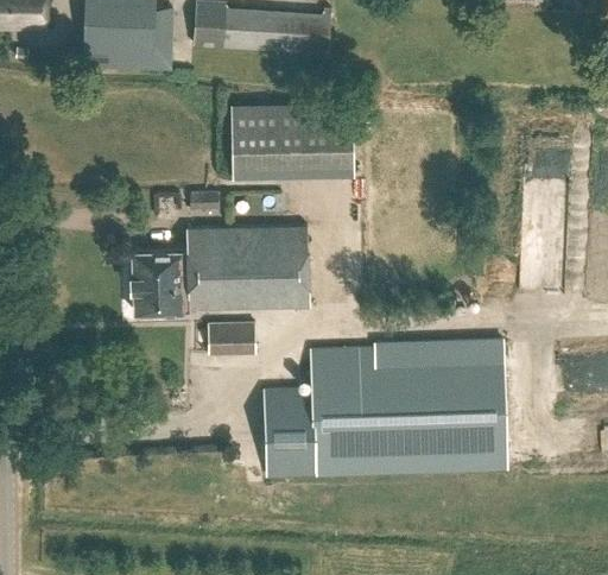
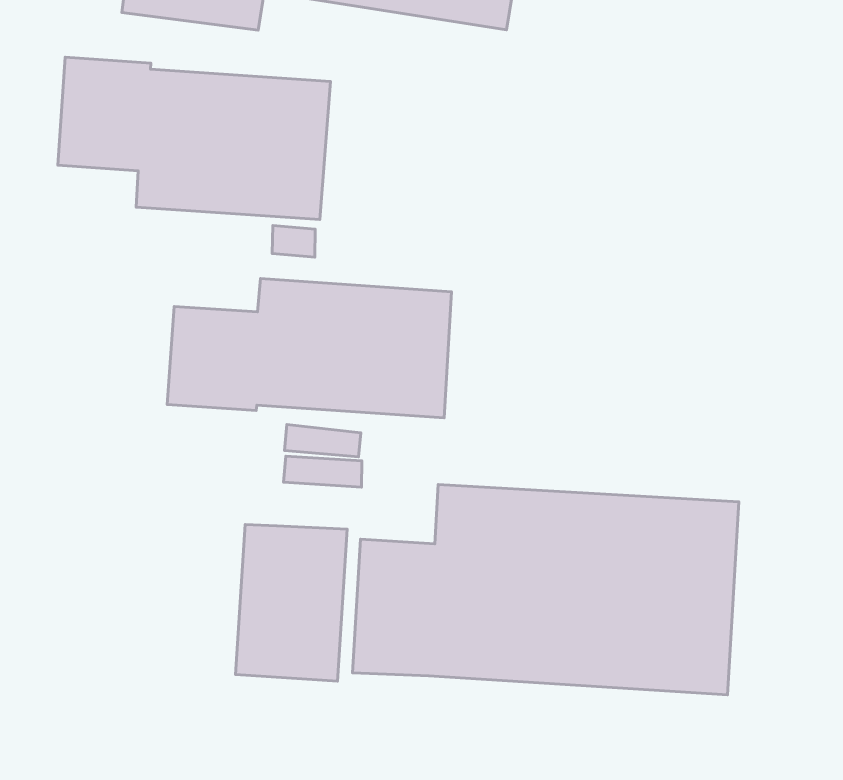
building: none -> [58,57,331,220]
building: [228,102,352,178] -> none
building: none -> [236,524,347,681]

